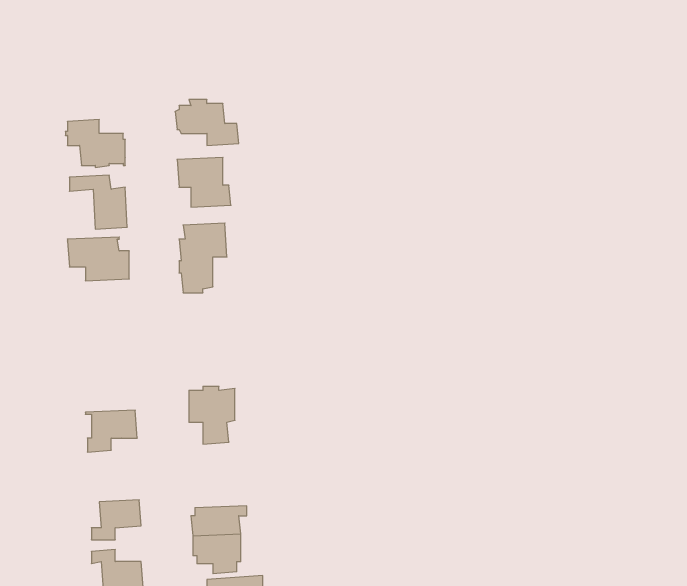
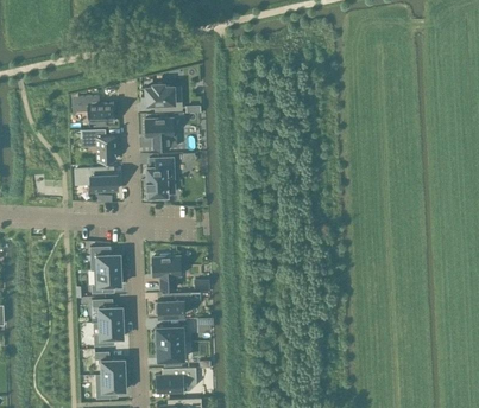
building: none -> [90,248,120,272]
building: none -> [155,294,191,318]
building: none -> [92,301,122,324]

